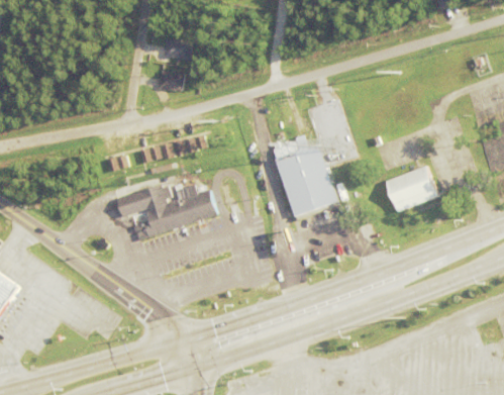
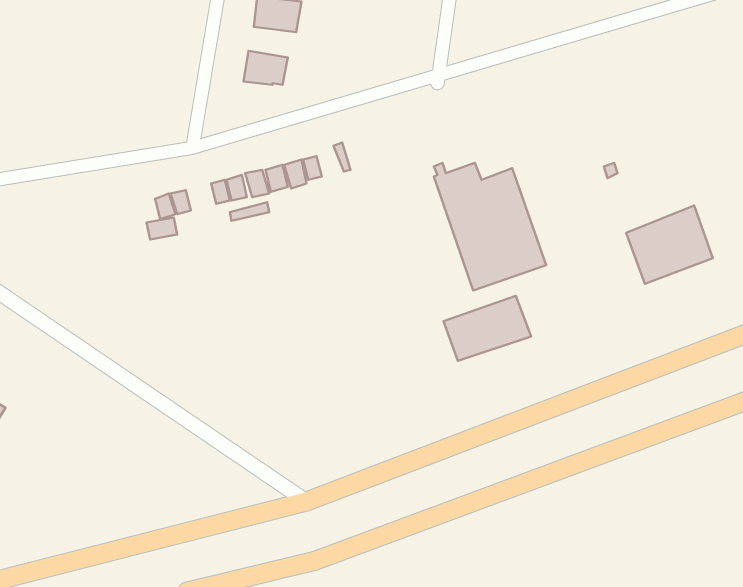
building: [114,184,215,240] -> none
building: none -> [443,296,531,361]

